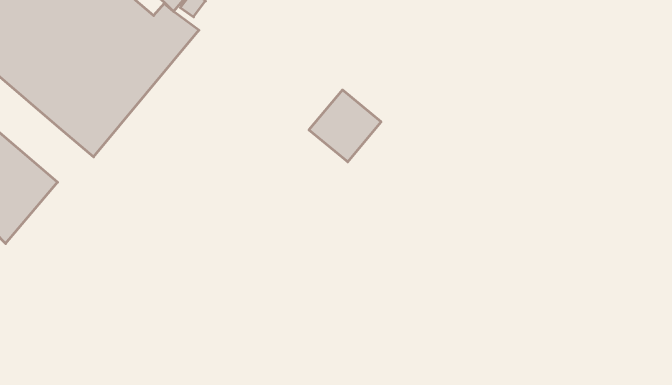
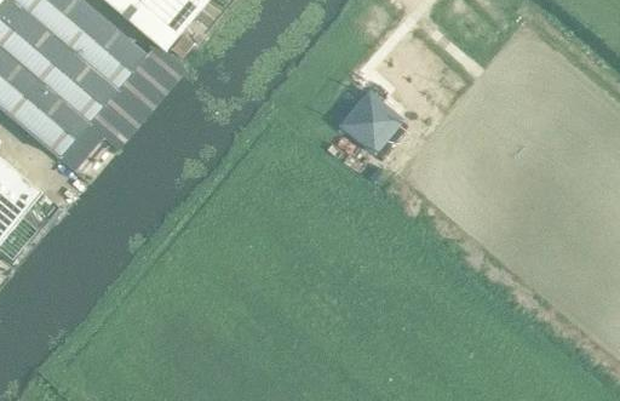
building: [309,90,381,162] -> [338,86,403,151]

